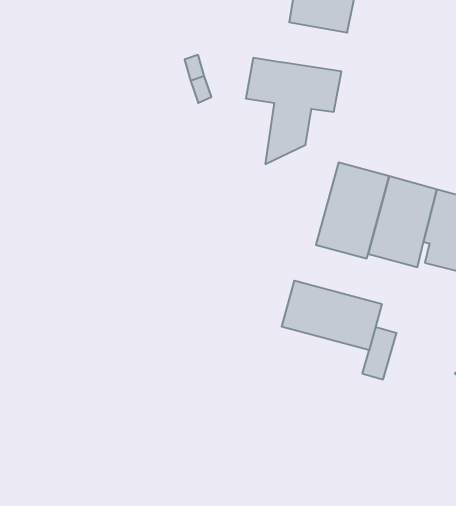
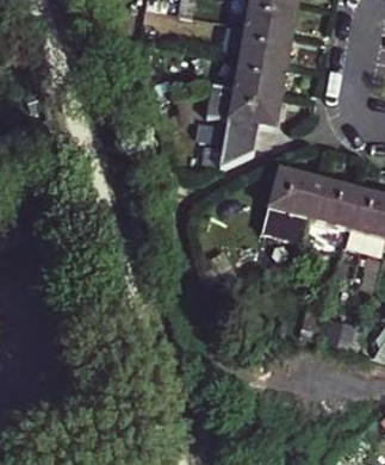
building: none -> [235,54,286,93]
building: [282,281,382,350] -> none

